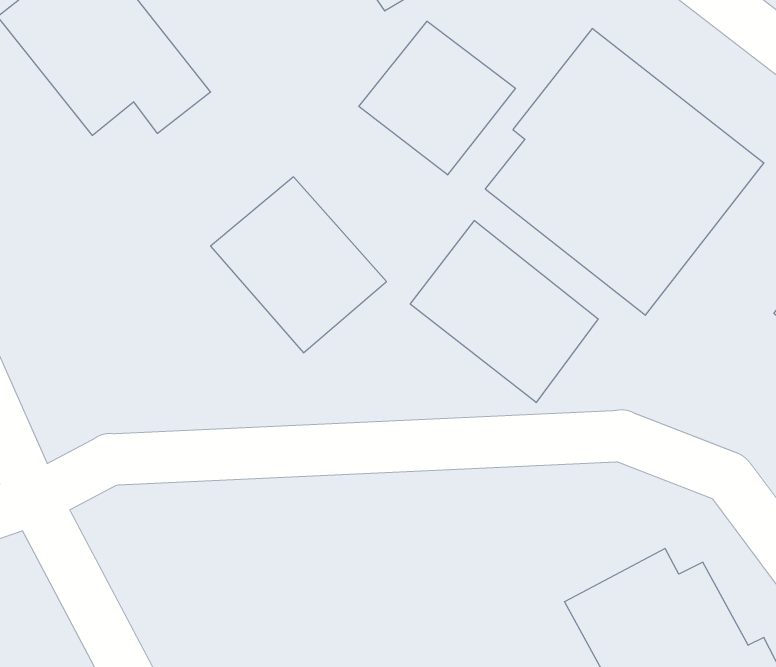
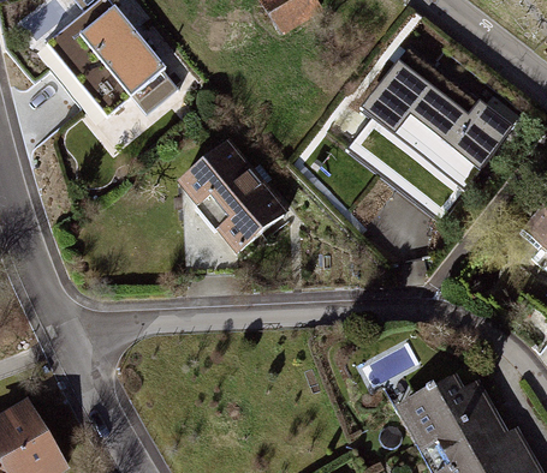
building: [359,21,515,175] -> none
building: [410,221,598,403] -> none

